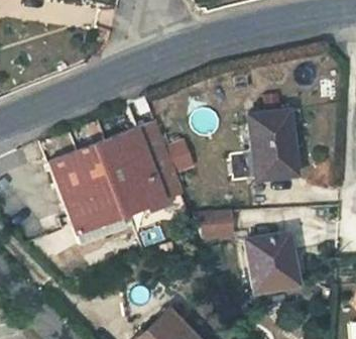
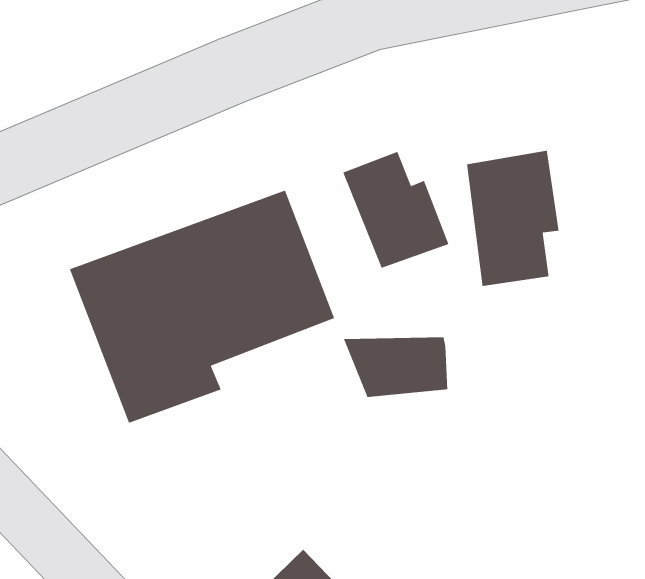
building: none -> [342,151,449,269]
building: [247,230,296,288] -> none

